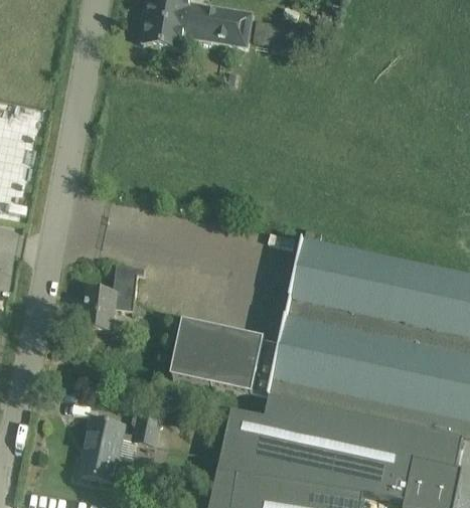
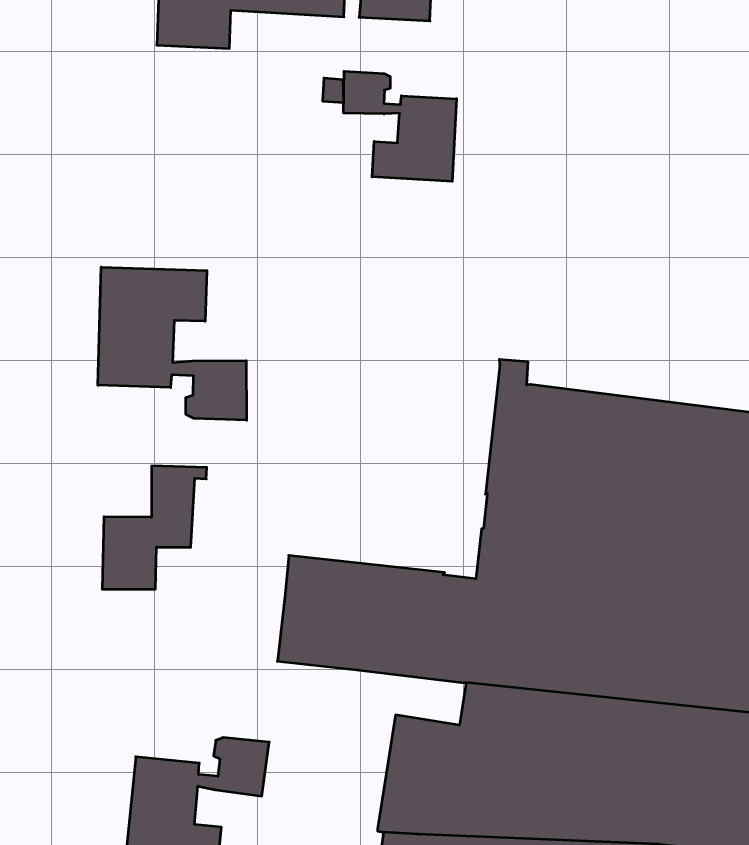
building: none -> [344,71,457,181]
building: none -> [98,267,247,420]

